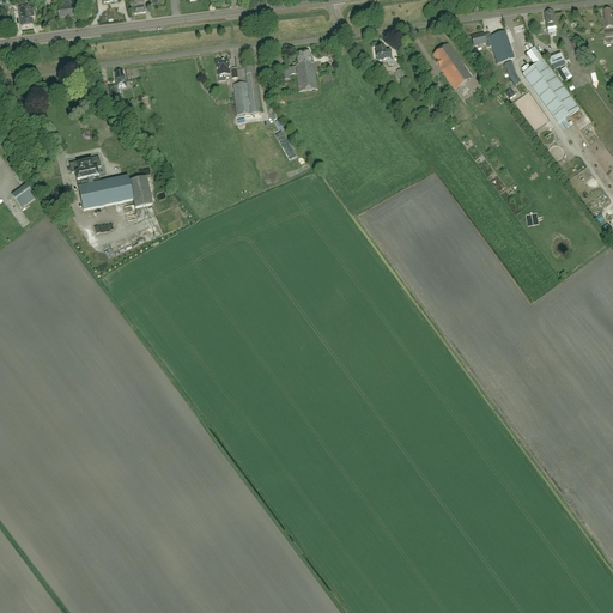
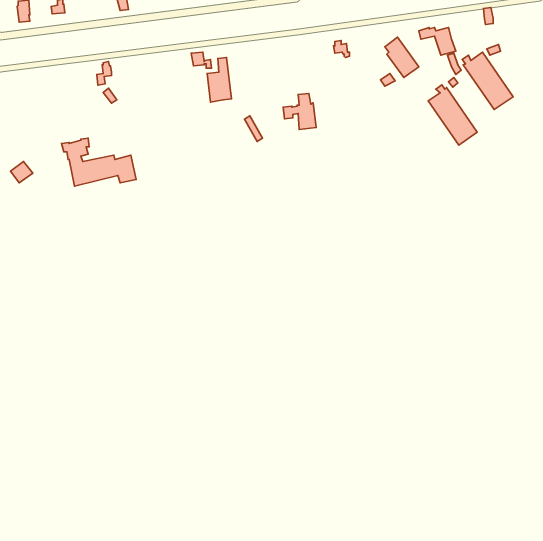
building: [280,50,317,91] -> [283,93,316,130]
building: none -> [428,85,477,145]

